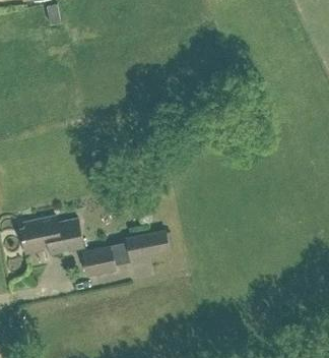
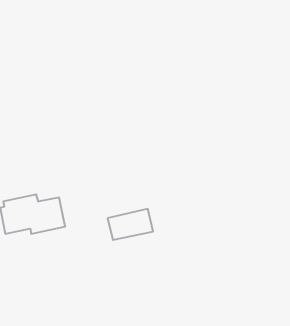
building: [81,246,115,276] -> none

